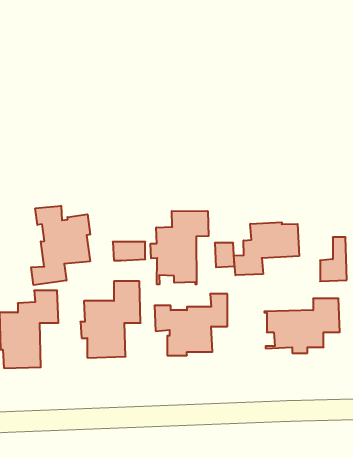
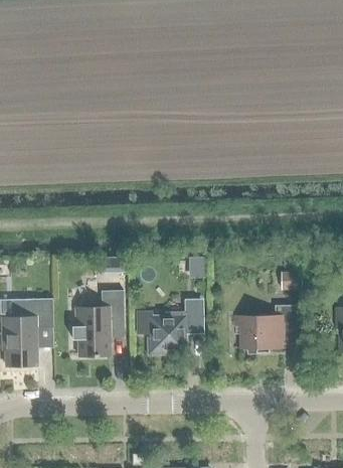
building: [31,206,90,285] -> none
building: [151,211,209,284] -> none
building: [234,222,299,275] -> none

